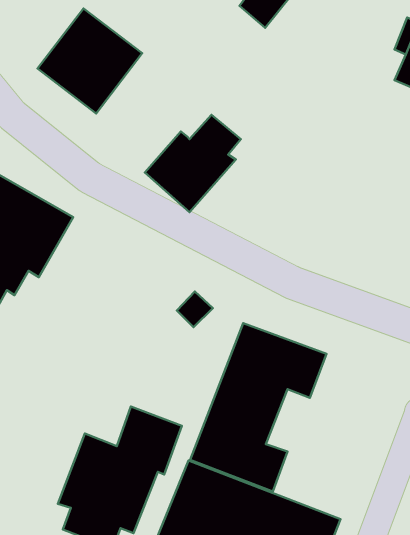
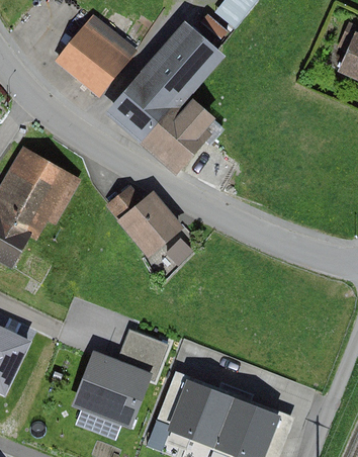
building: none -> [103,20,226,144]
building: none -> [106,186,184,257]
building: [190,323,327,491] -> none

